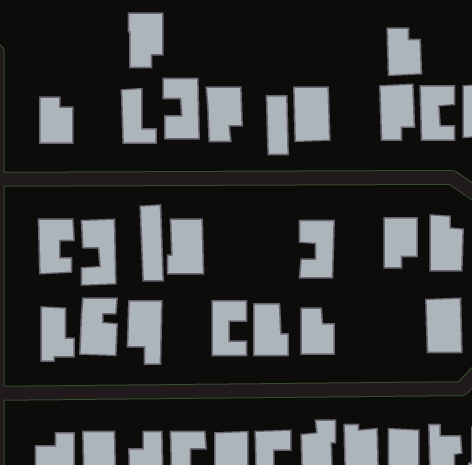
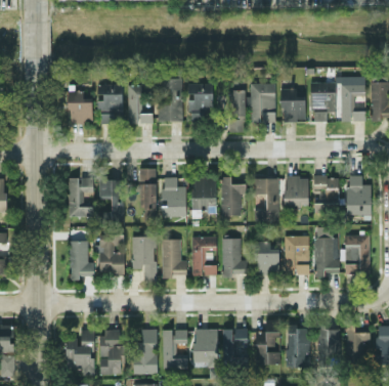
building: [128,13,163,68] -> [97,85,122,124]
building: [387,28,422,75] -> [280,89,305,123]
building: none -> [221,177,246,216]
building: none -> [285,177,308,206]
building: none -> [191,179,216,210]
building: none -> [314,227,339,275]
building: none -> [284,235,309,275]
building: none -> [161,240,186,276]

